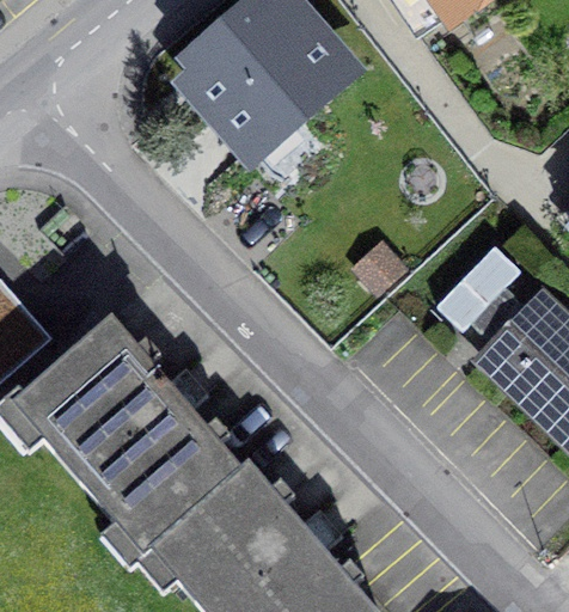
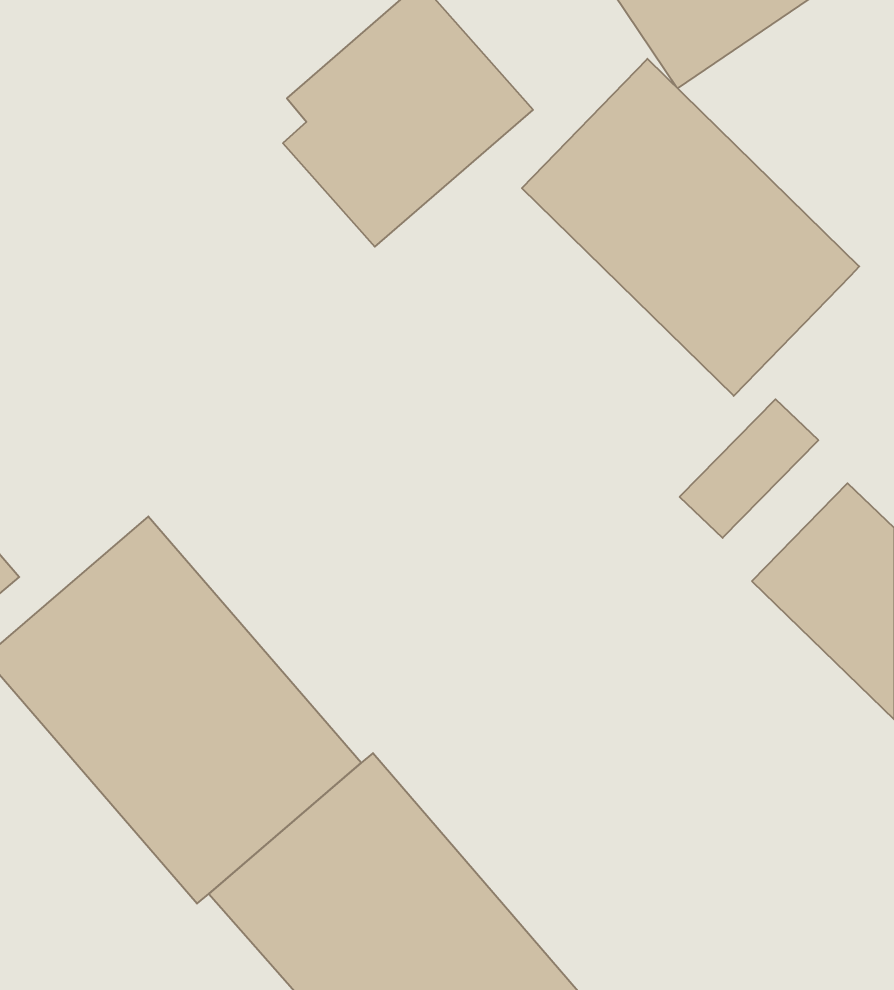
building: none -> [522,59,859,396]

